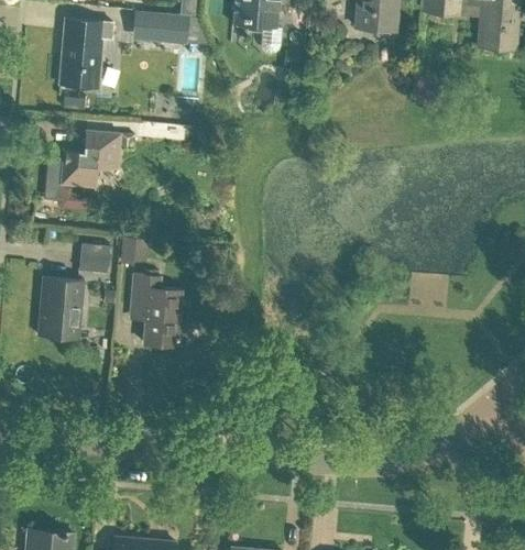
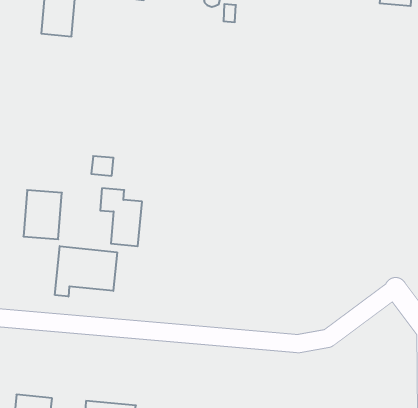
building: [45,131,121,212] -> none
building: [78,241,111,271] -> none
building: none -> [55,246,117,297]

